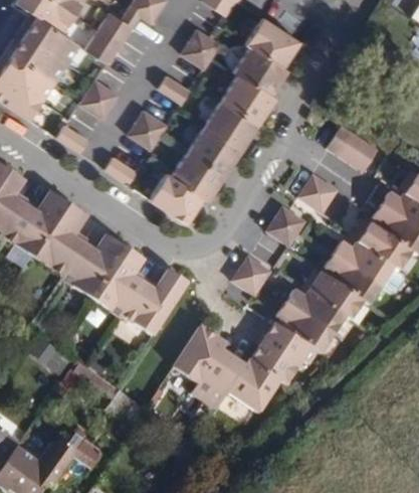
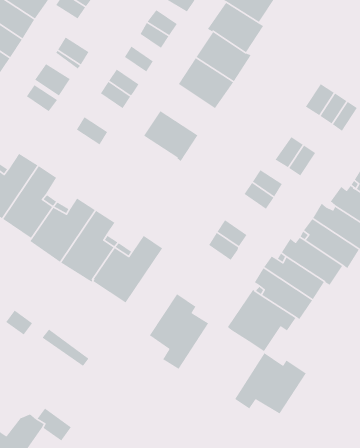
building: [186,125,239,174] -> none
building: [149,172,202,222] -> none
building: [204,356,274,417] -> [234,352,307,415]

